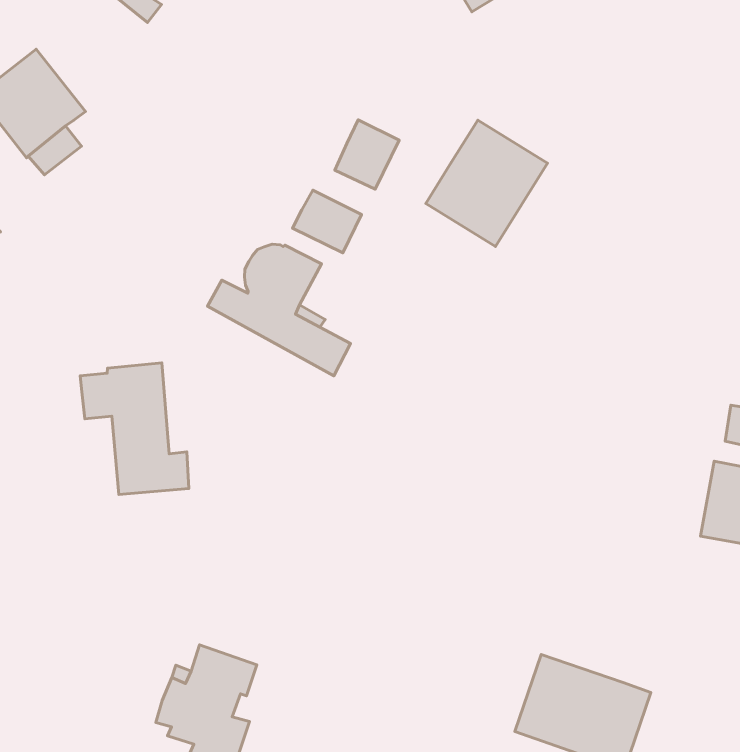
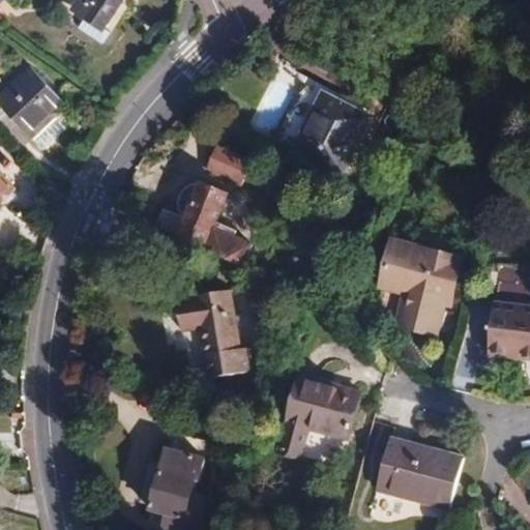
building: [335,120,399,189] -> none
building: none -> [382,244,460,327]
building: [80,363,189,494] -> [176,289,253,377]
building: none -> [281,376,361,454]

